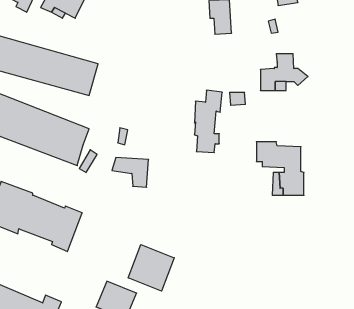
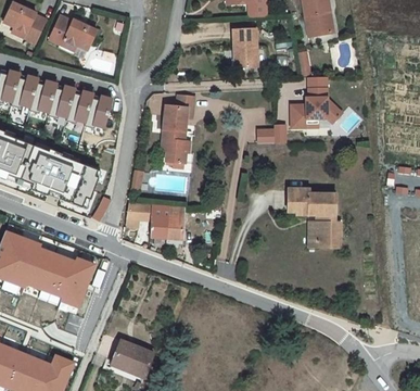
building: [194,90,222,153] -> [163,94,193,163]
building: none -> [165,205,182,247]
building: [128,245,174,291] -> none

